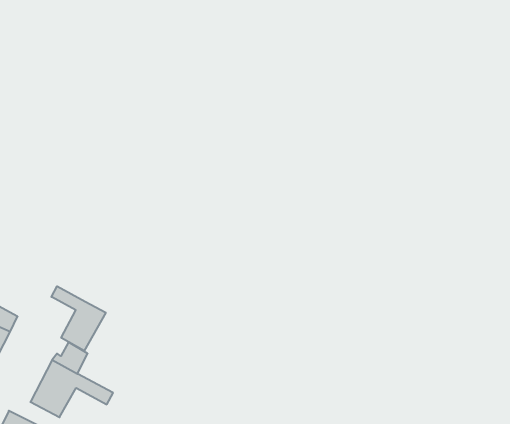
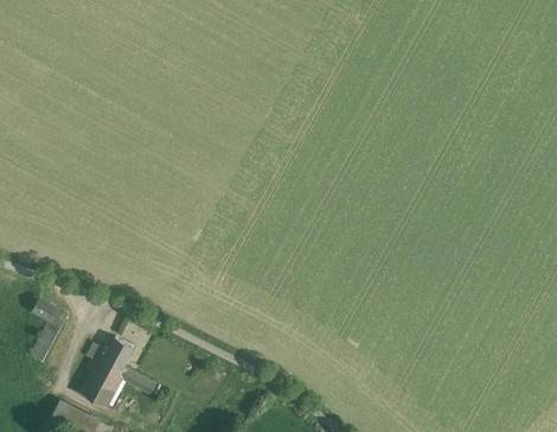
building: [51,286,106,351] -> none

